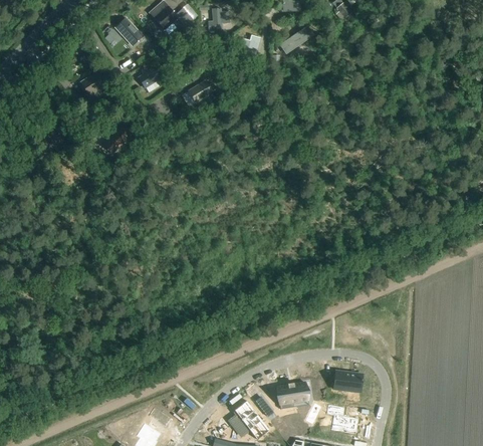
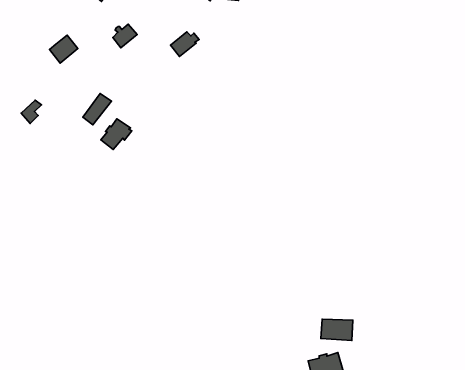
building: none -> [101,119,132,150]
building: [331,373,361,395] -> [321,319,353,341]

